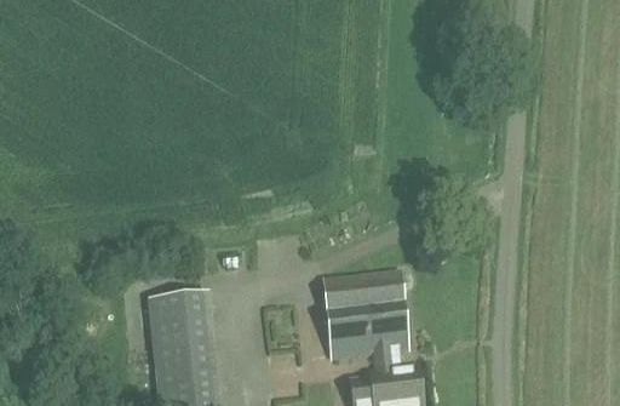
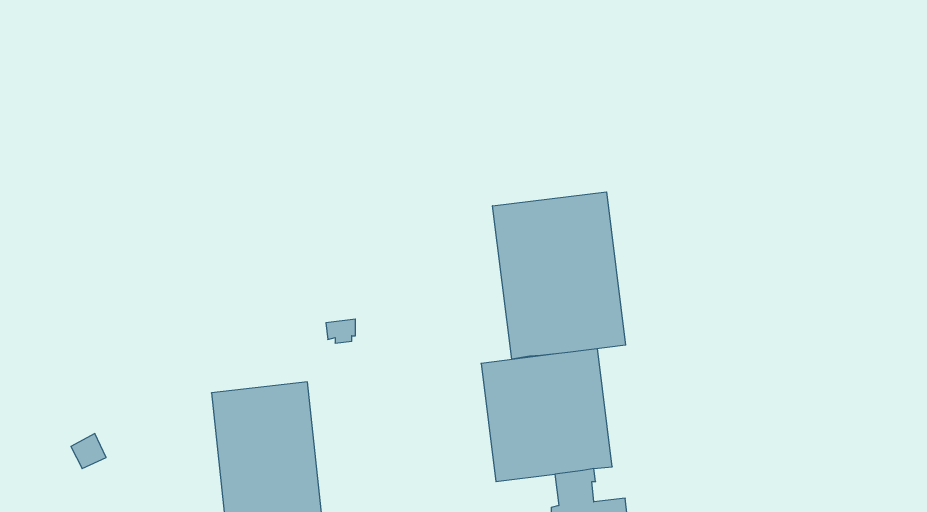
building: none -> [493,192,626,359]

